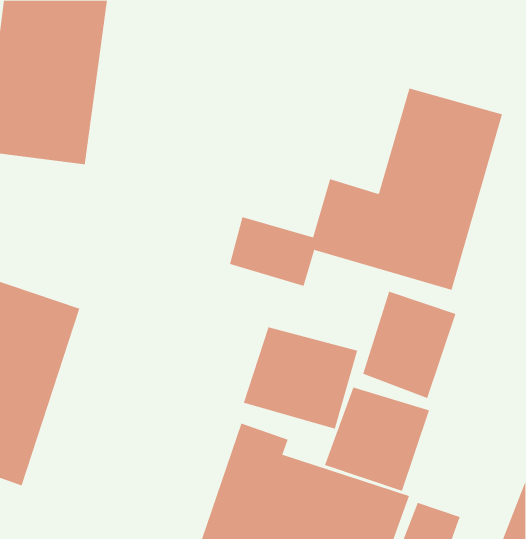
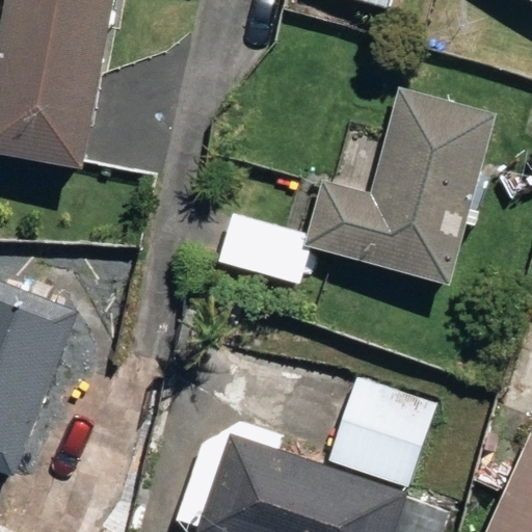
building: [363,291,456,399] -> none
building: [243,327,358,430] -> none

